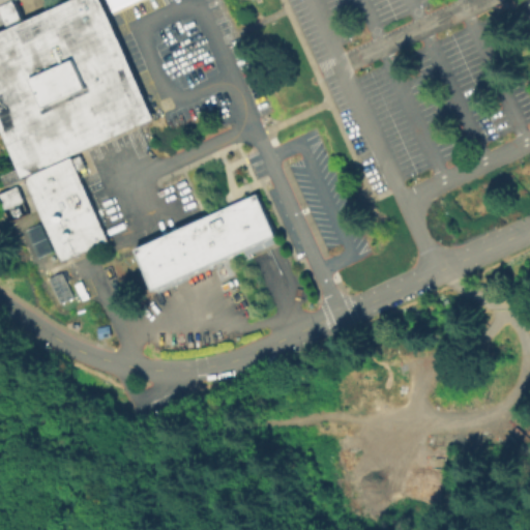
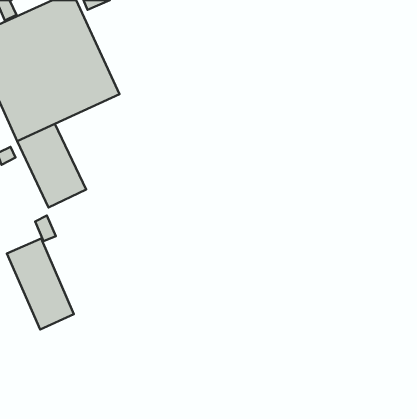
building: [135,195,273,289] -> none
building: none -> [7,239,74,329]

